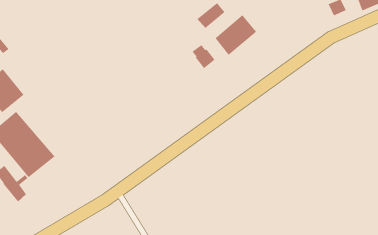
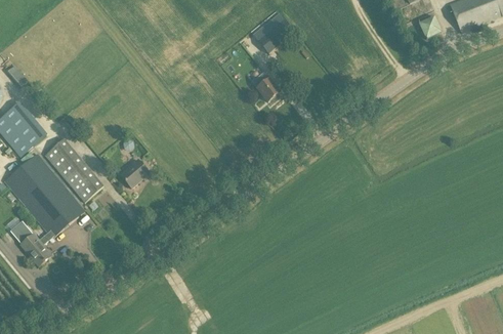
building: [214,14,257,56] -> none
building: none -> [44,138,103,202]
building: none -> [120,159,149,187]

